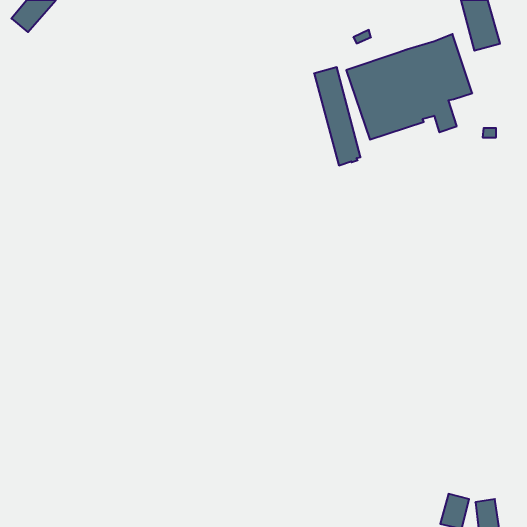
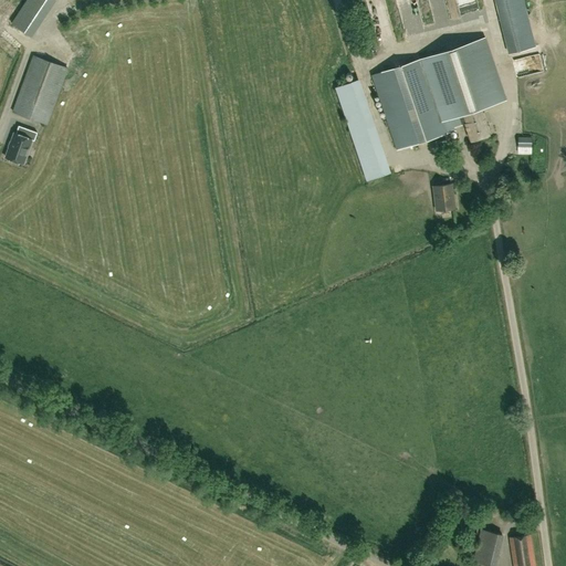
building: none -> [12,56,66,125]
building: none -> [4,128,35,165]
building: none -> [432,185,452,211]

